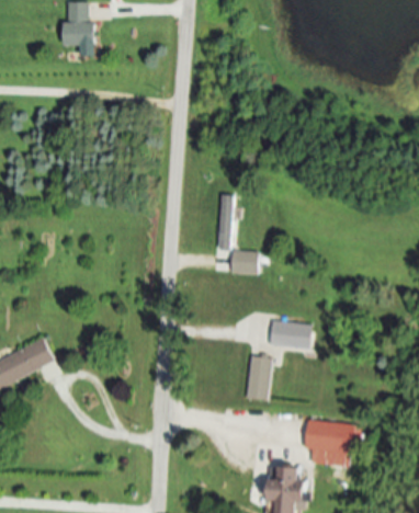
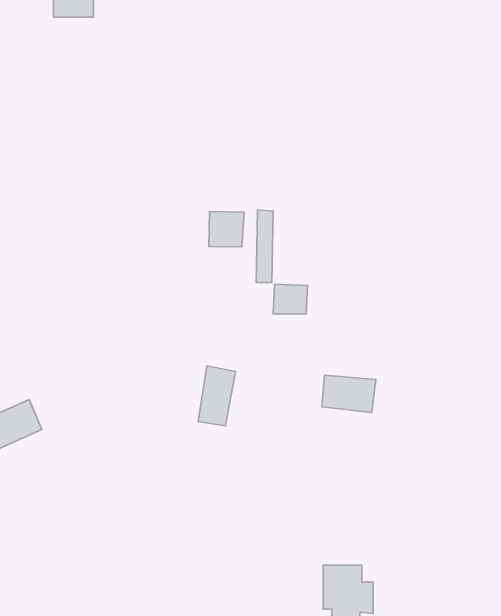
building: none -> [209,212,244,247]
building: [245,355,273,401] -> [198,366,235,426]
building: [306,421,363,466] -> none

